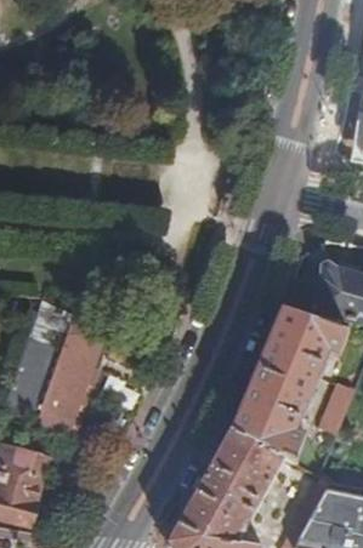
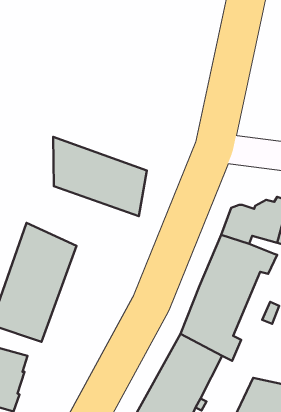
building: none -> [53,137,147,216]

